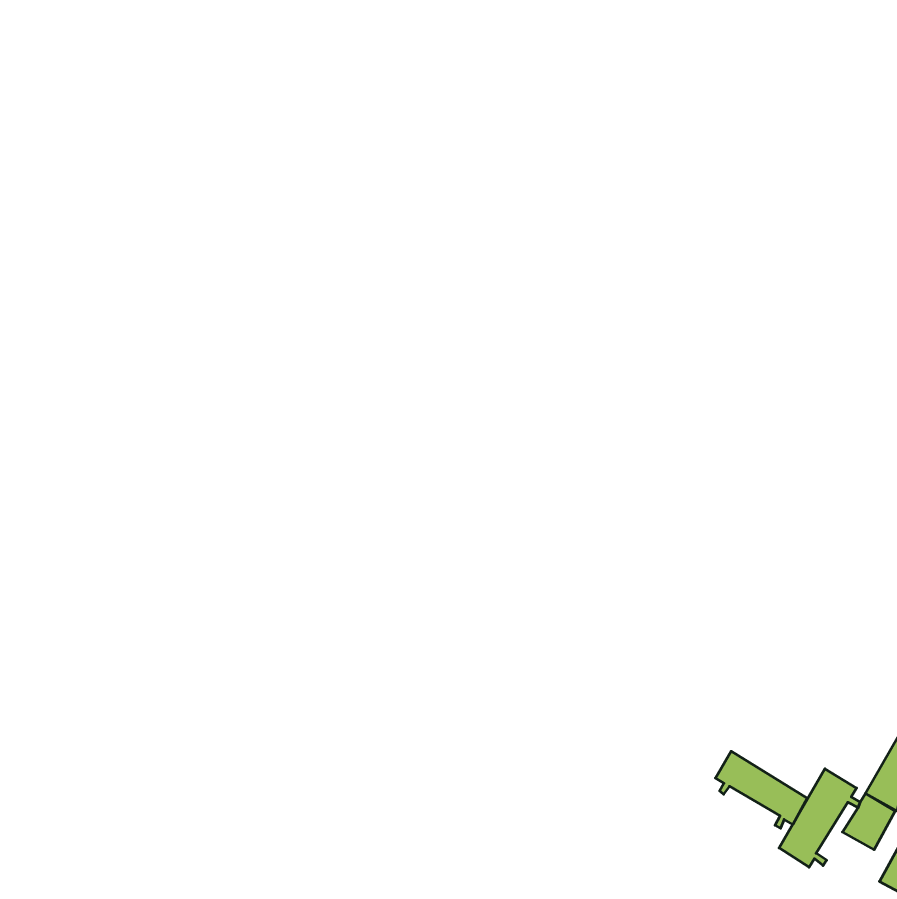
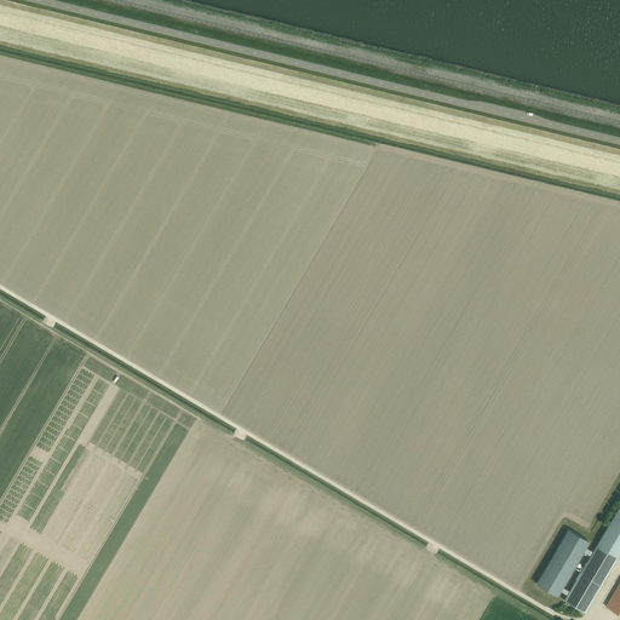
building: [715,751,807,828] -> none
building: none -> [566,573,603,613]

